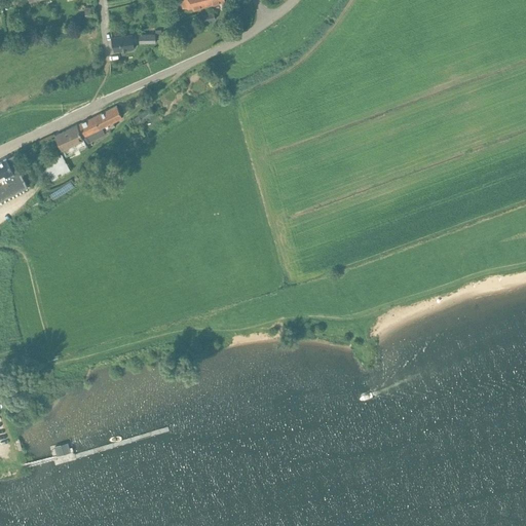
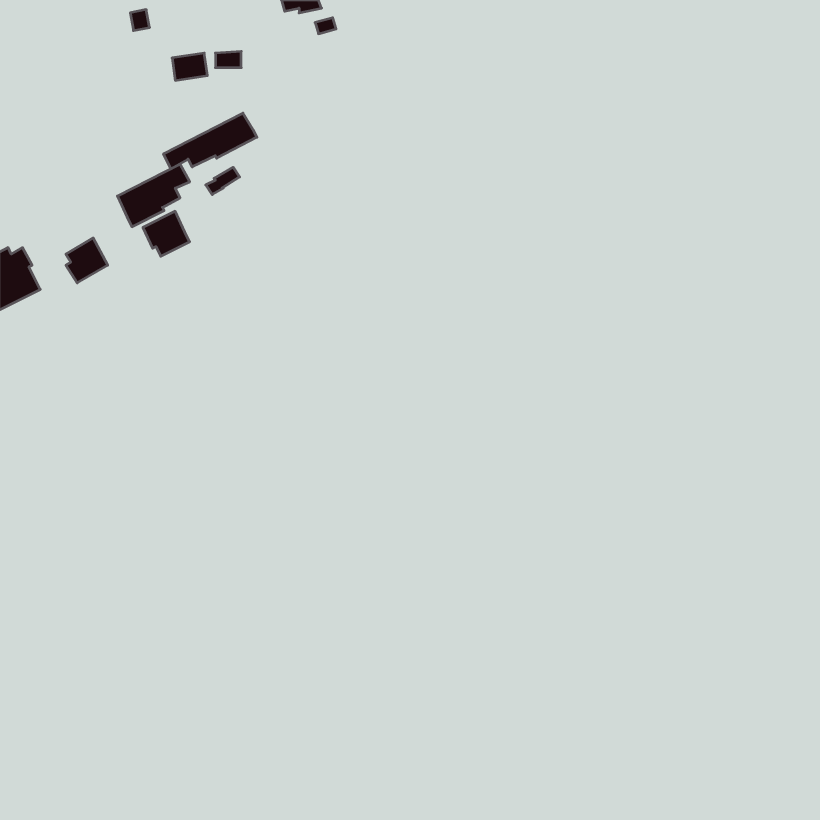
building: none -> [164,113,257,169]
building: [54,126,84,155] -> [143,211,190,256]

